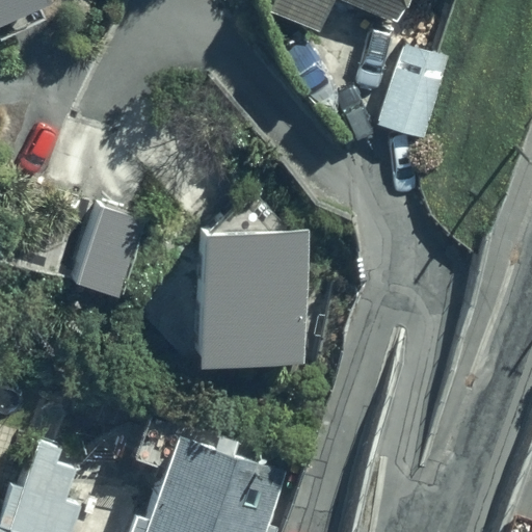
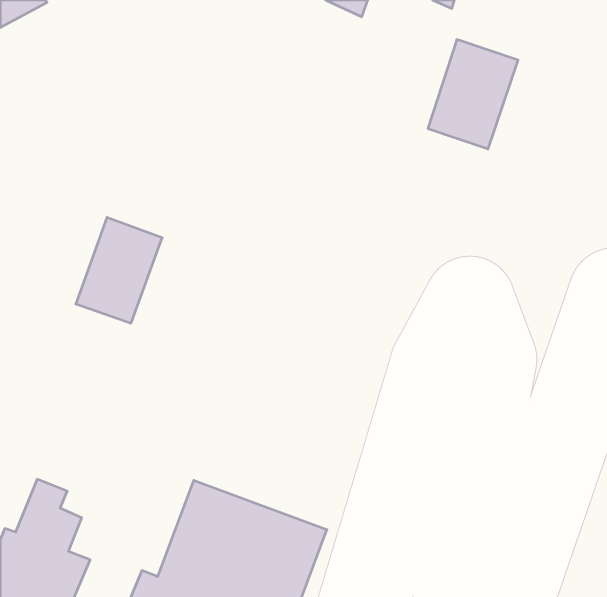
building: [193,232,308,374] -> none

